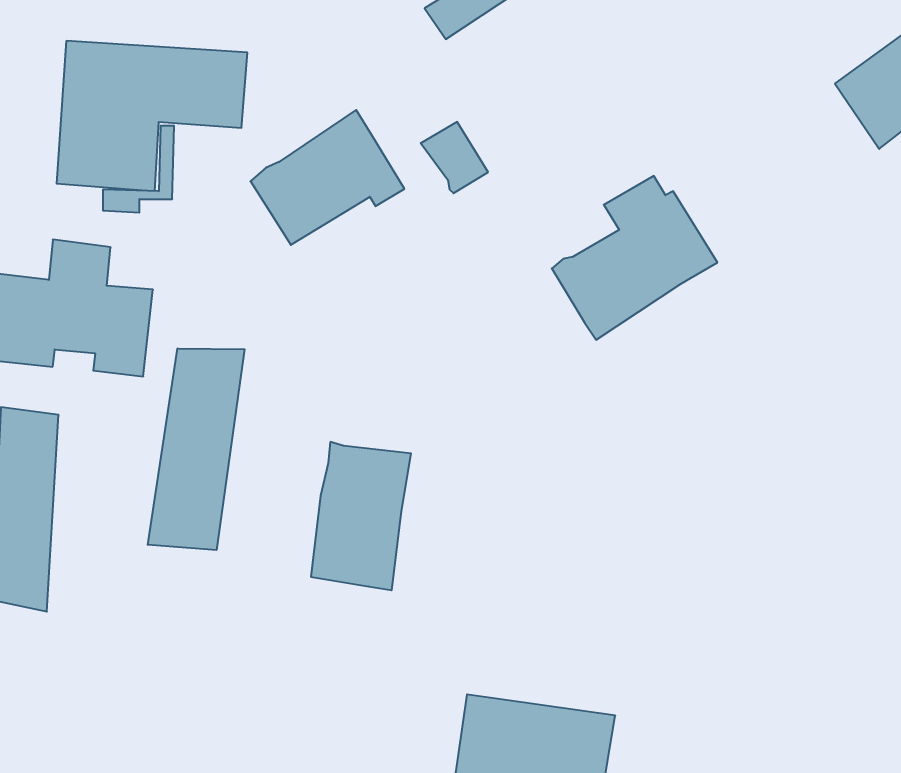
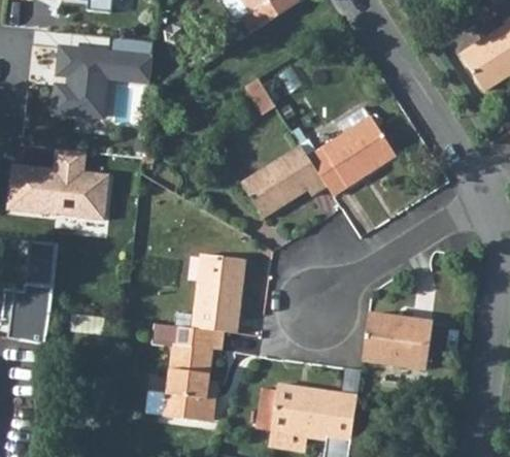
building: [250,110,404,245] -> [252,144,335,217]
building: [148,348,245,550] -> none
building: none -> [358,318,429,376]
building: none -> [152,322,219,418]

